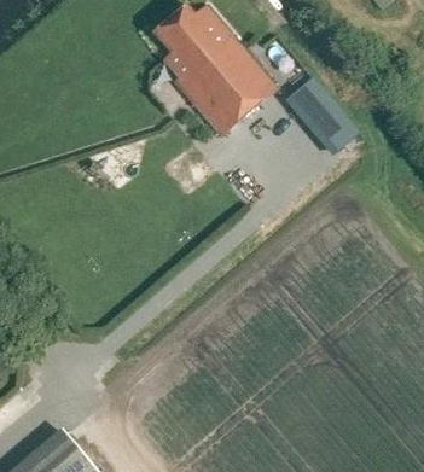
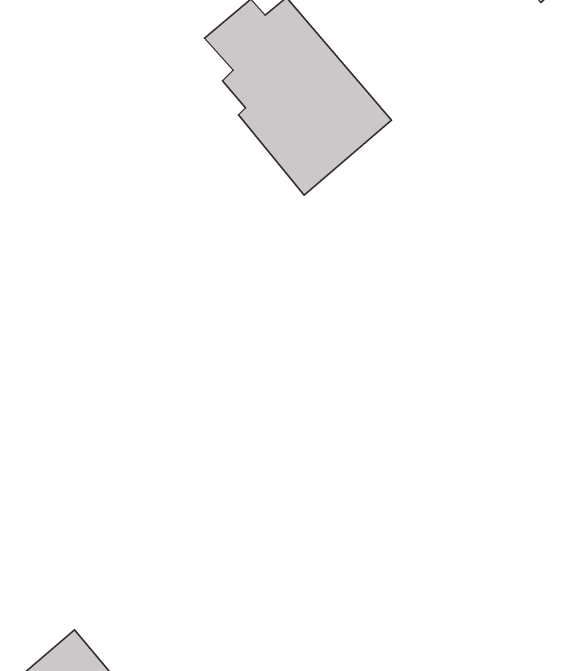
building: [280,72,355,155] -> none

